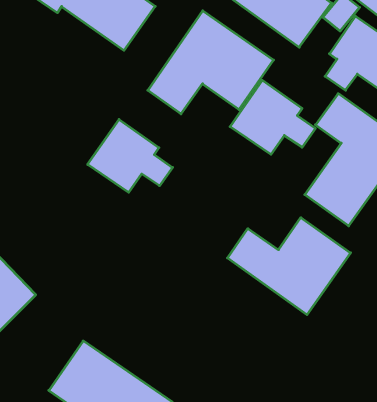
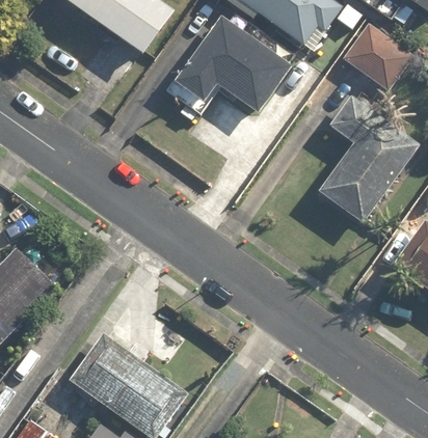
building: [230,80,315,154] -> none
building: [88,119,173,192] -> none
building: [227,218,351,315] -> none

